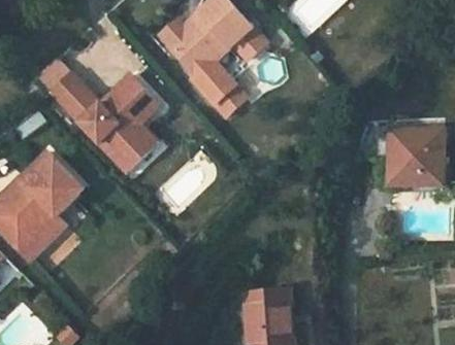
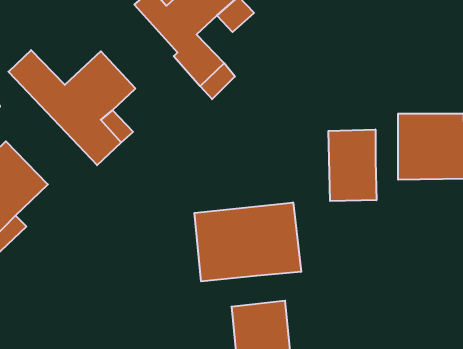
building: none -> [328,129,376,201]
building: none -> [194,202,301,281]

